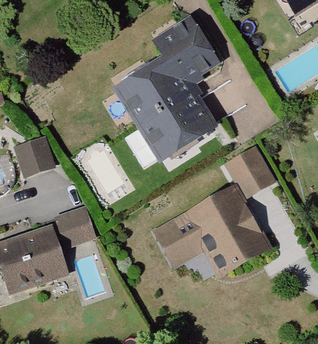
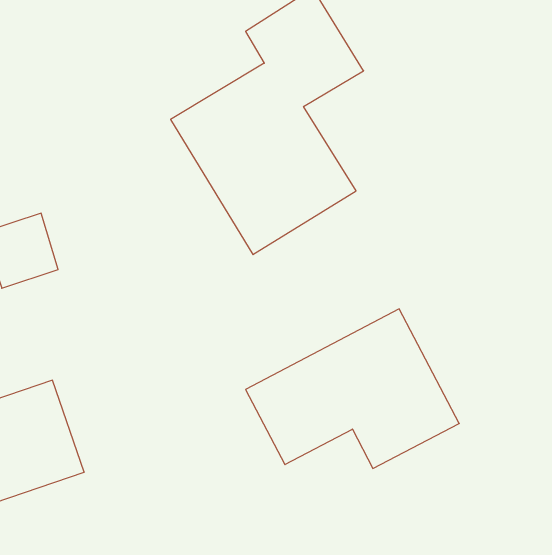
building: [228,146,274,195] -> none
building: [57,207,94,244] -> none

